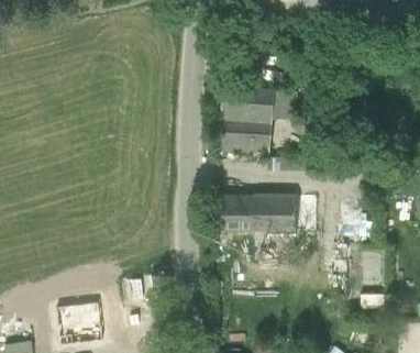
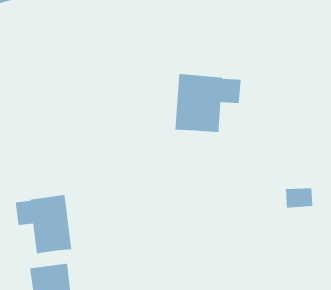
building: [214,195,316,230] -> none
building: none -> [15,194,72,254]

